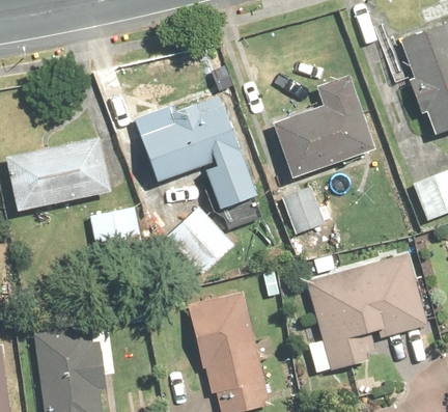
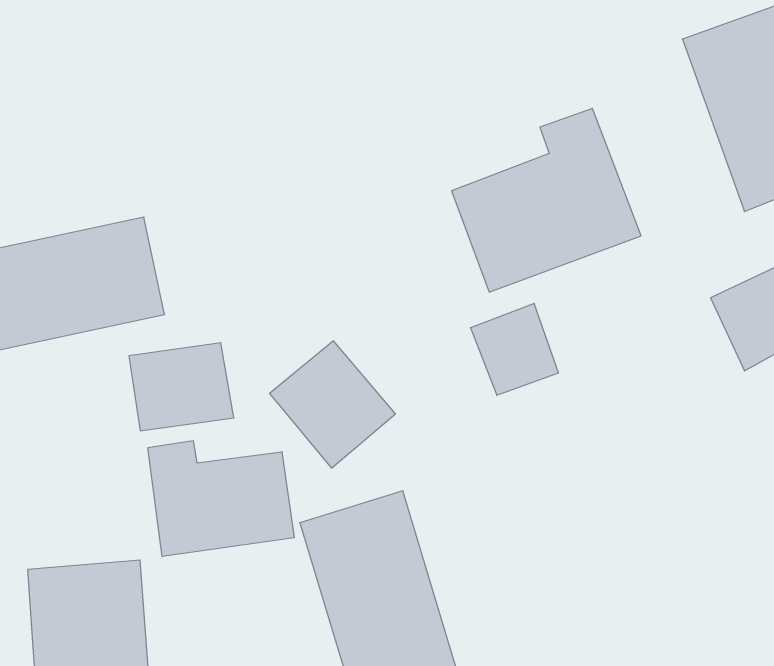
building: [135,102,258,209] -> none
building: [304,249,430,375] -> none
building: none -> [148,441,294,557]

